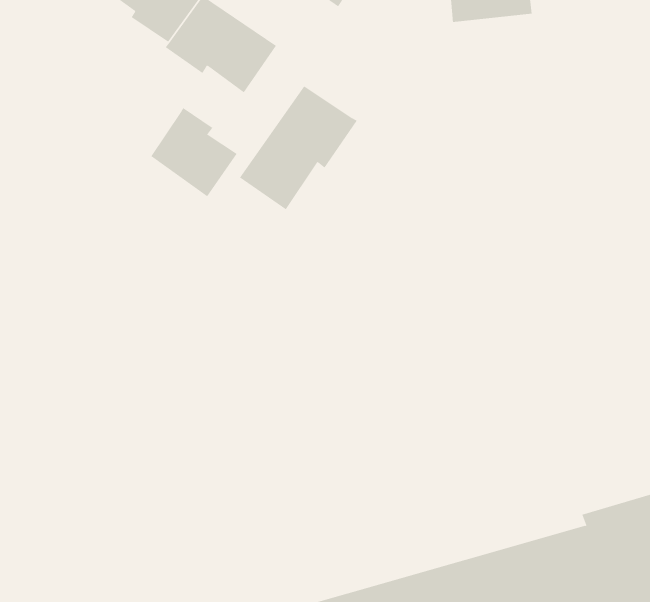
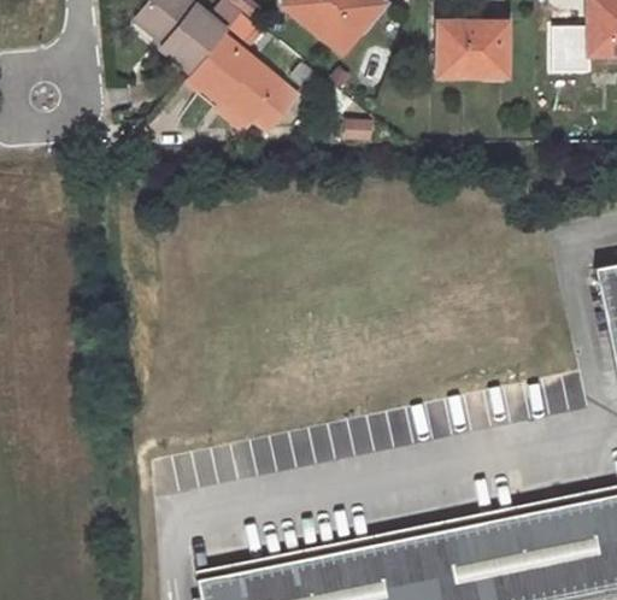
building: [239,86,357,210] -> none
building: [150,107,238,197] -> none

